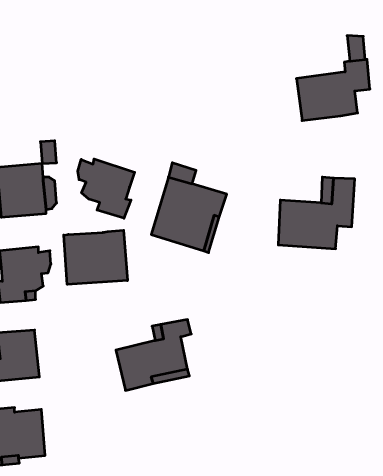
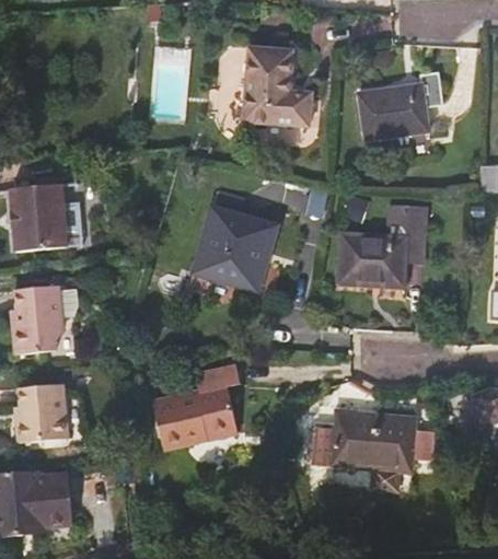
building: none -> [243,47,312,125]
building: [78,159,135,218] -> none
building: [64,230,127,284] -> none
building: none -> [312,410,416,489]

